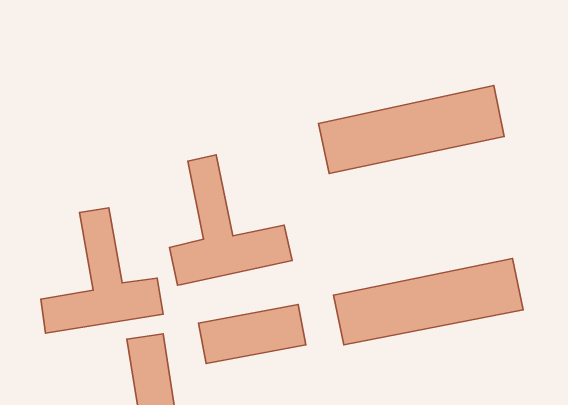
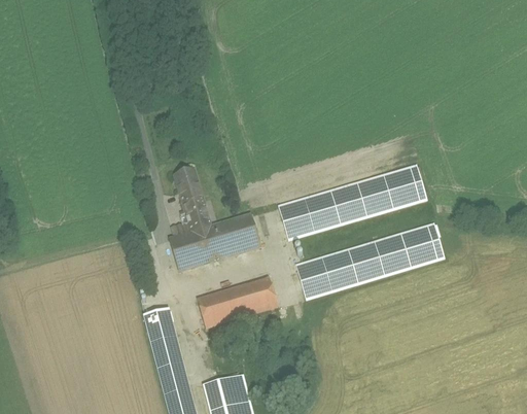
building: [318,85,504,173] -> [278,160,424,242]
building: [41,208,163,333] -> none

